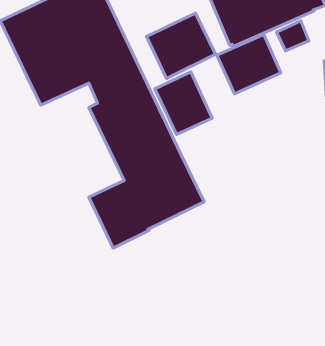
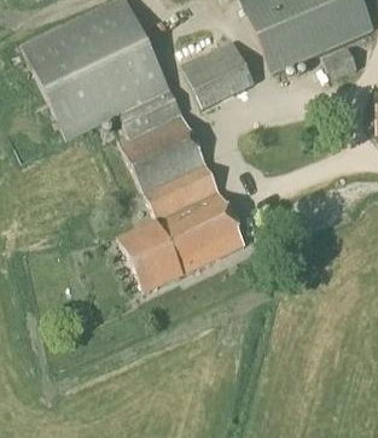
building: [217,35,281,94] -> none
building: [155,72,212,135] -> none

